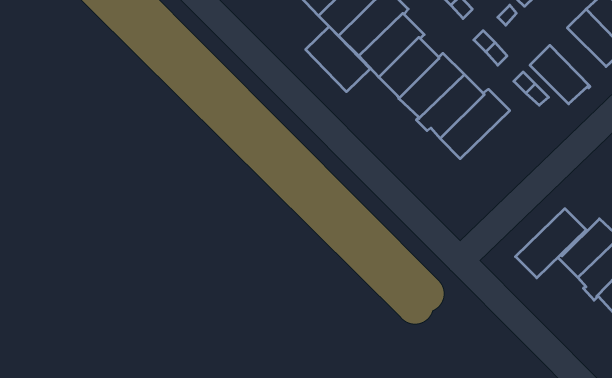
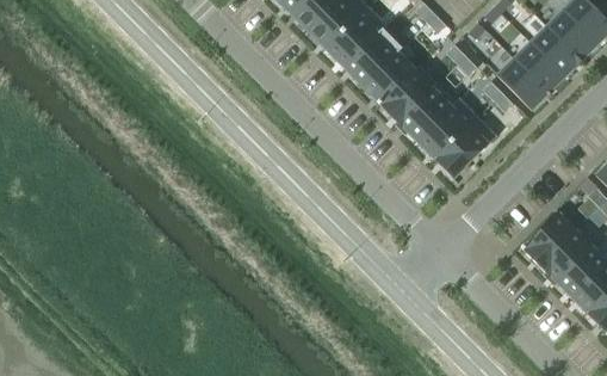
building: [306,27,370,92] -> none
building: none -> [514,42,564,94]
building: [515,209,586,278] -> [434,116,497,178]

